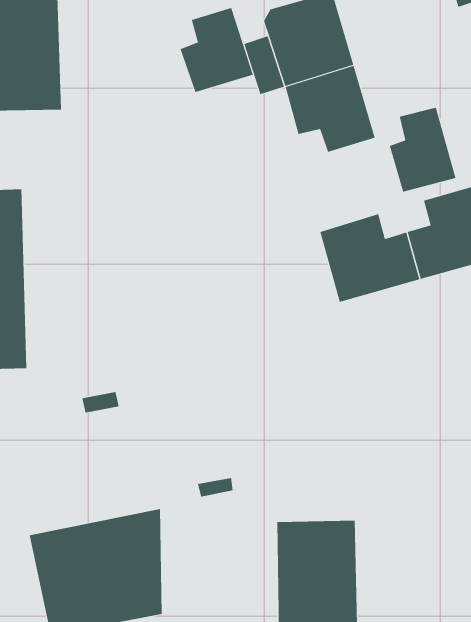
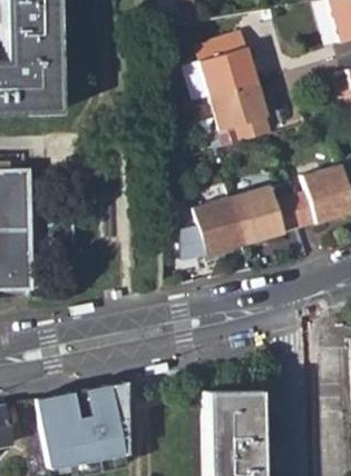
building: [180,7,253,93] -> none
building: [389,107,456,192] -> none
building: none -> [181,196,247,259]

